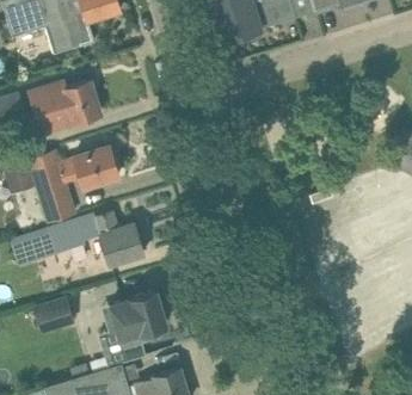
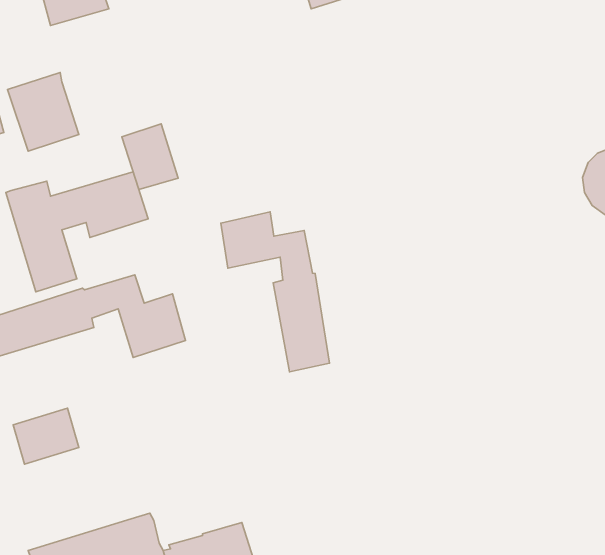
building: [64,80,100,122] -> [122,124,178,189]
building: none -> [221,212,330,372]
building: [110,291,166,348] -> none

